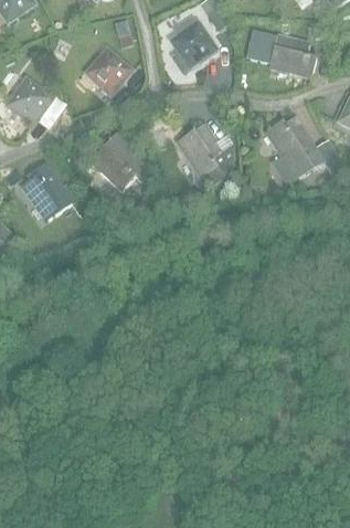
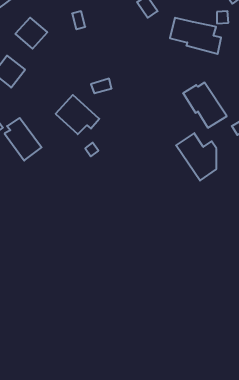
building: [171,19,214,71] -> none
building: [87,50,130,92] -> [15,18,47,49]
building: [178,123,232,187] -> [176,133,216,181]

